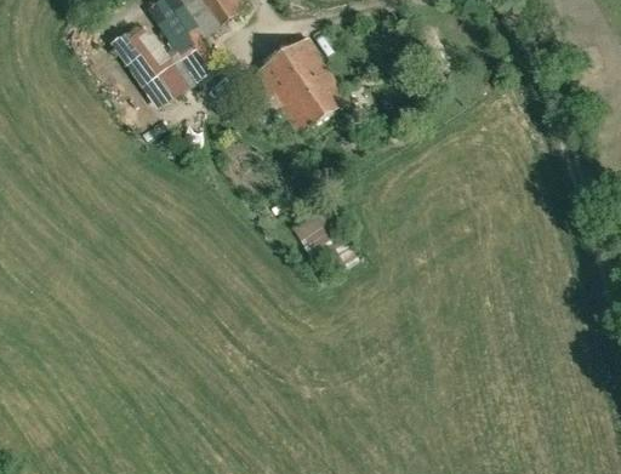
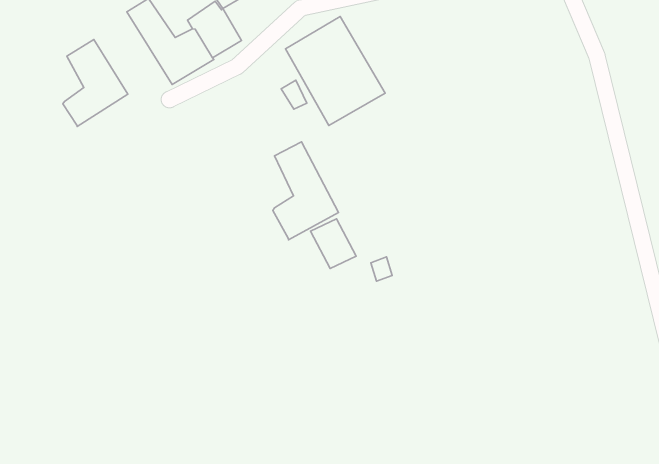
building: none -> [63,40,128,127]
building: none -> [273,142,339,240]

